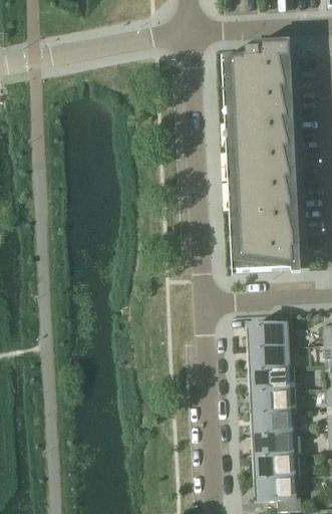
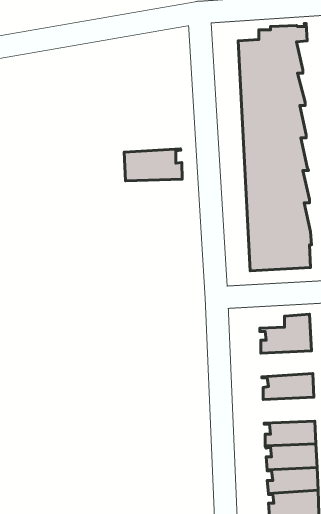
building: none -> [124,149,182,181]
building: [247,345,295,369] -> none
building: [249,389,297,413] -> none

